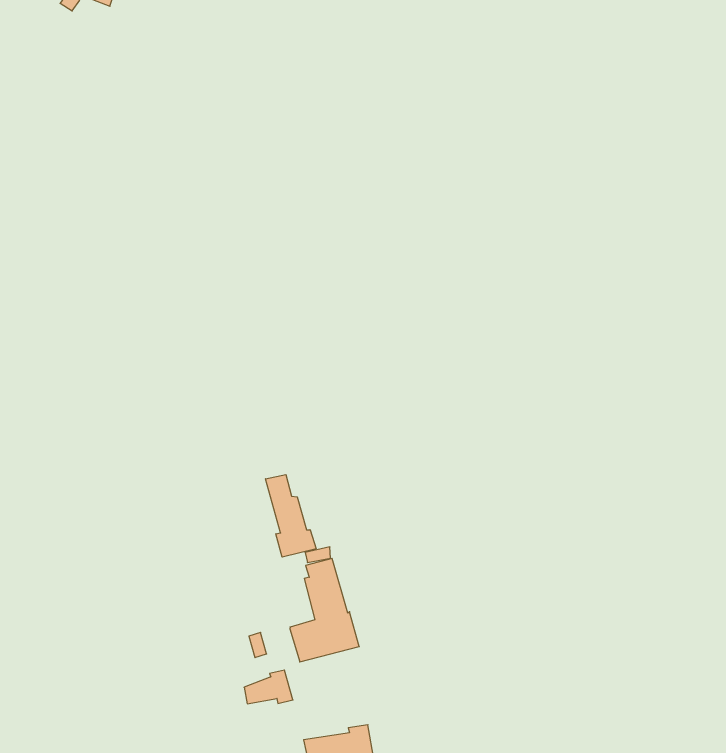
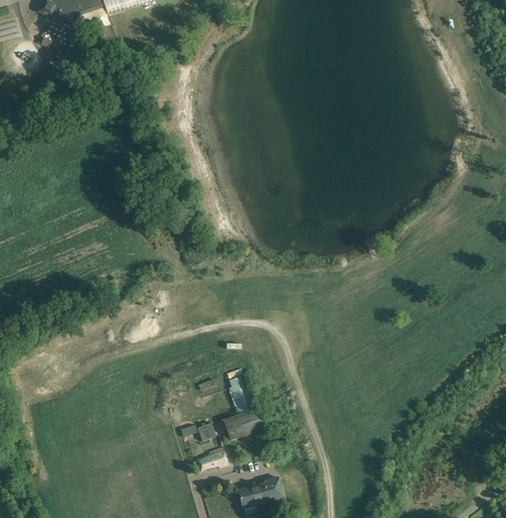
building: [266,475,316,557] -> none

